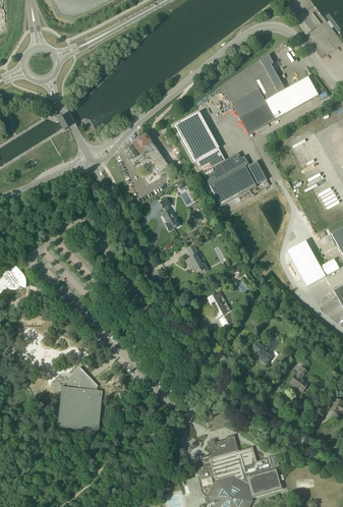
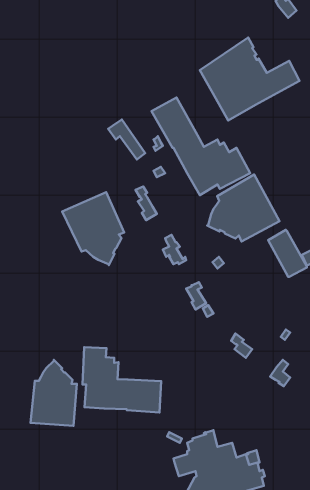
building: none -> [207,175,279,241]
building: none -> [62,192,124,265]
building: none -> [83,347,161,412]

